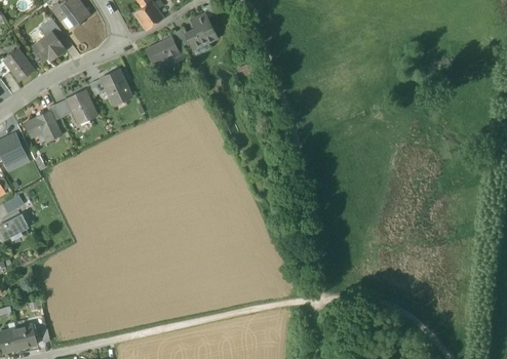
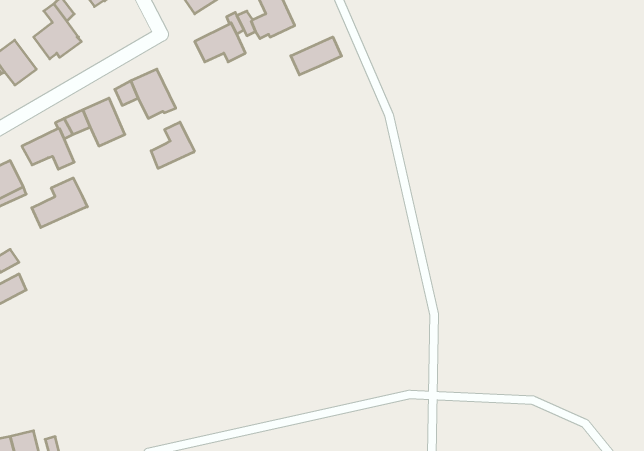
building: none -> [291,37,342,75]
building: none -> [151,122,194,168]
building: none -> [32,178,87,228]

